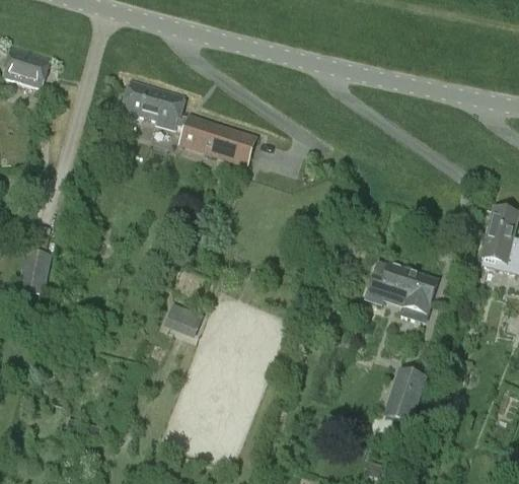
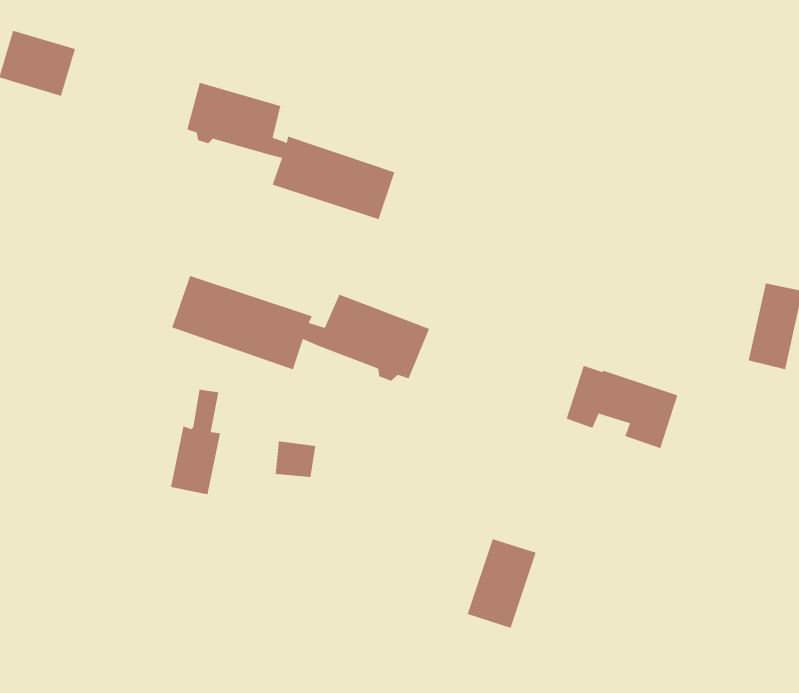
building: none -> [172,275,430,381]
building: [18,227,51,295] -> [170,389,221,495]
building: [382,369,427,427] -> [467,538,537,629]

